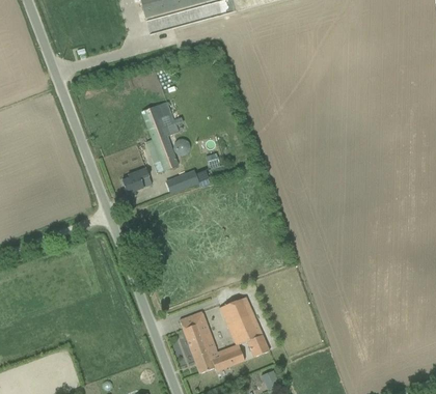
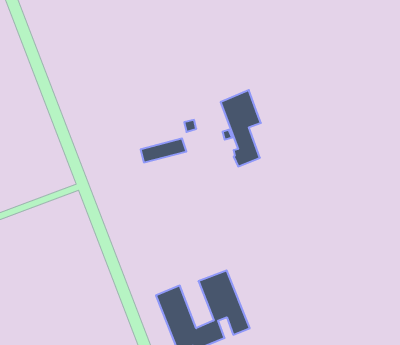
building: [140,101,179,173] -> [221,90,261,166]
building: [121,167,151,194] -> none

